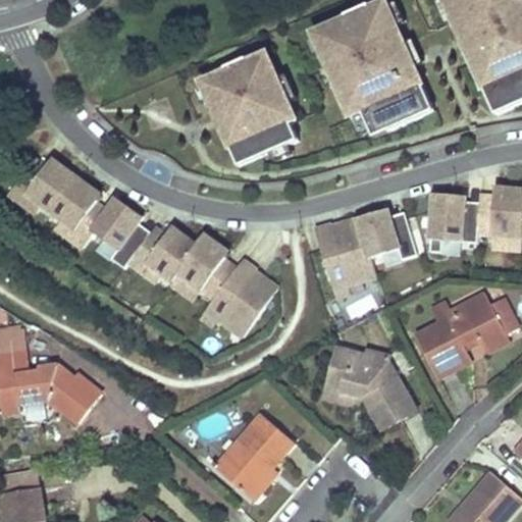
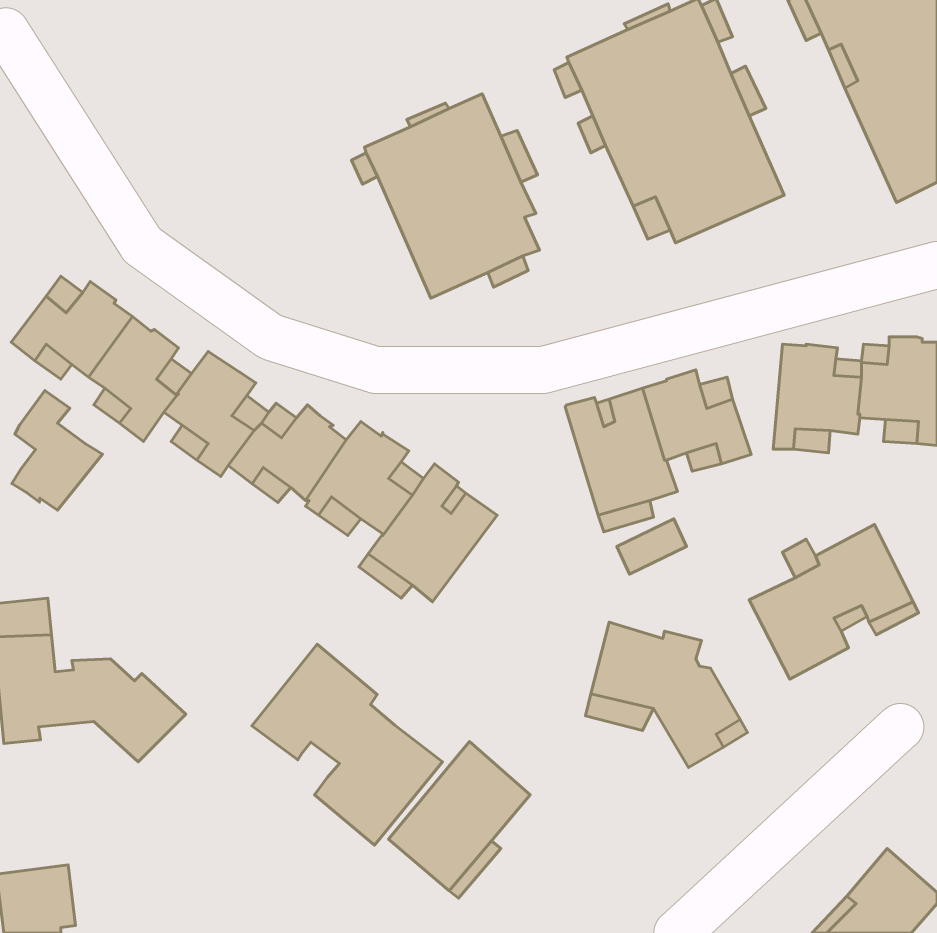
building: none -> [12,391,103,510]
building: none -> [252,644,442,845]

